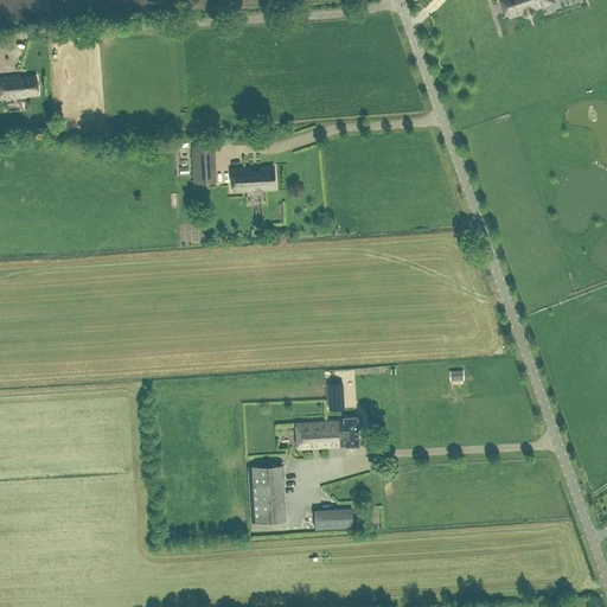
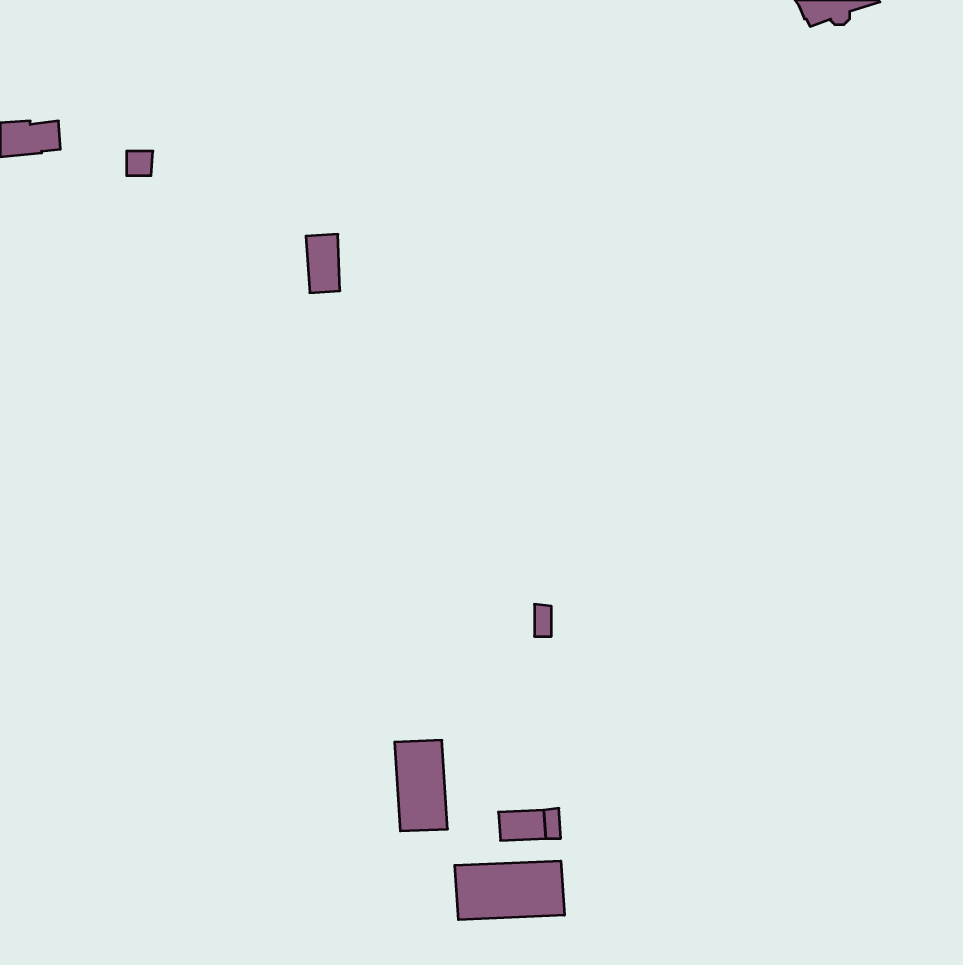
building: [232,166,275,191] -> none
building: [296,417,359,448] -> none
building: none -> [455,861,564,920]

